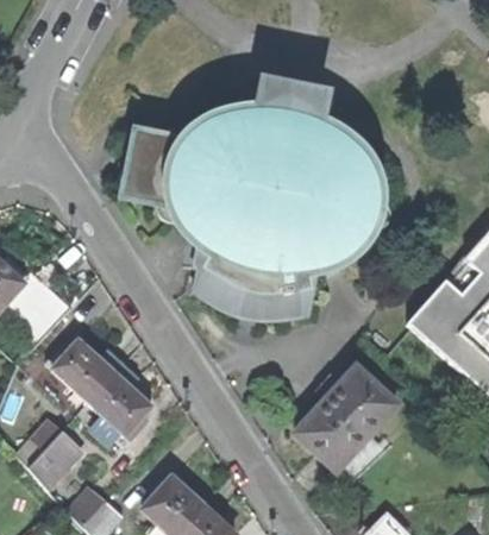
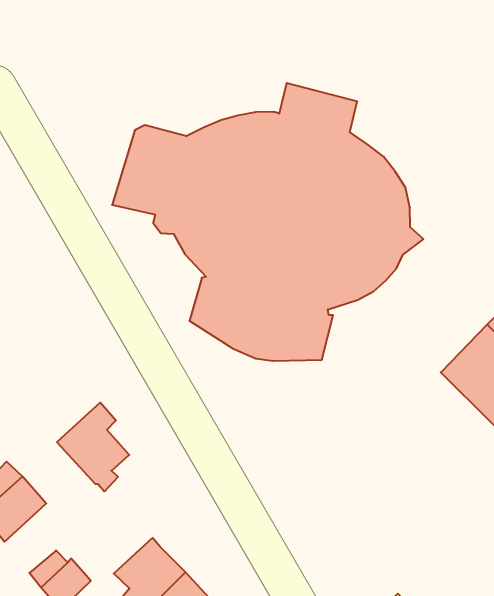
building: [46,339,121,399] -> none
building: [293,365,395,478] -> none

